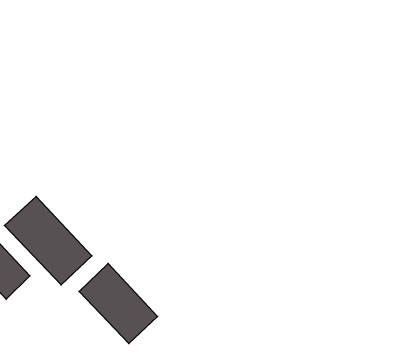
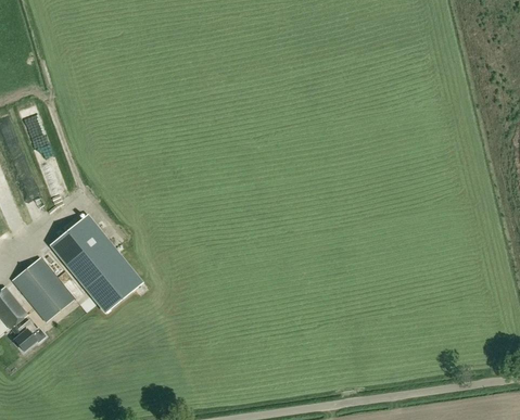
building: [79,263,158,343] -> none

